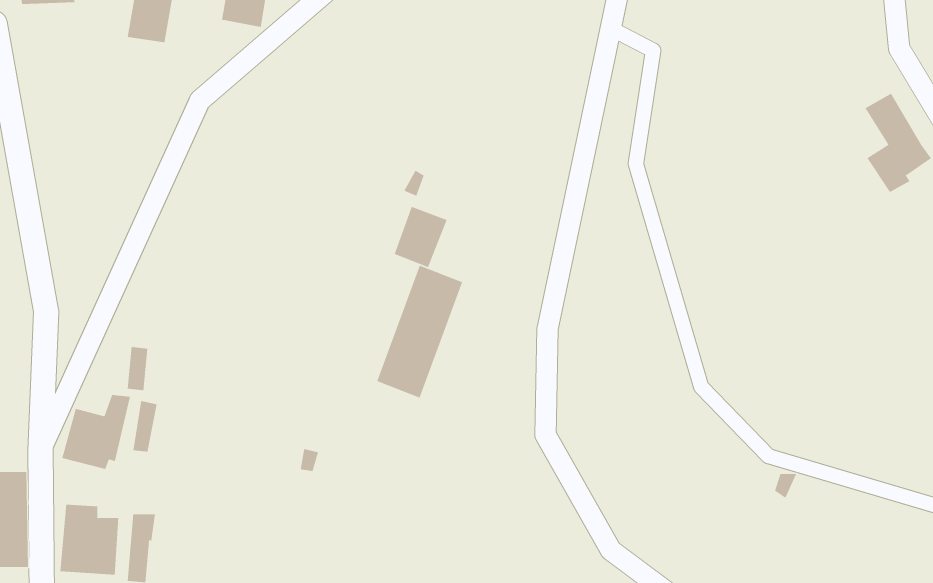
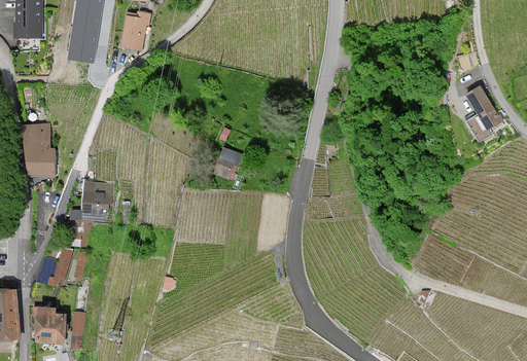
building: none -> [25,124,54,176]
building: [377,265,463,399] -> none
building: none -> [69,181,112,221]

